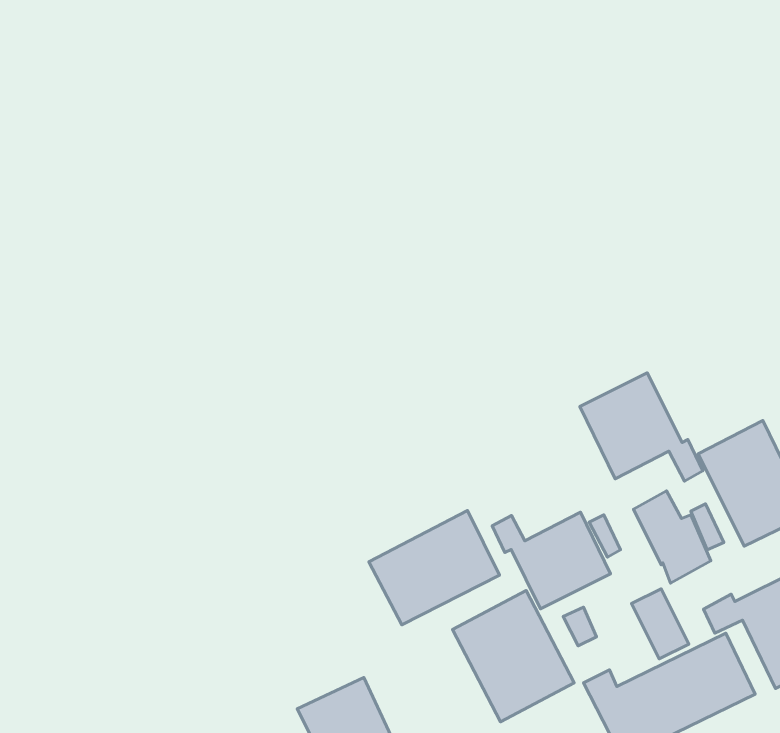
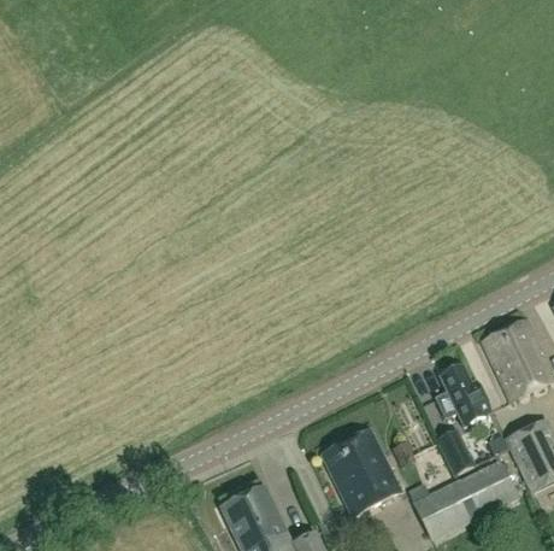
building: [580,373,703,481] -> none
building: [369,510,499,625] -> none
building: [492,512,611,609] -> none

